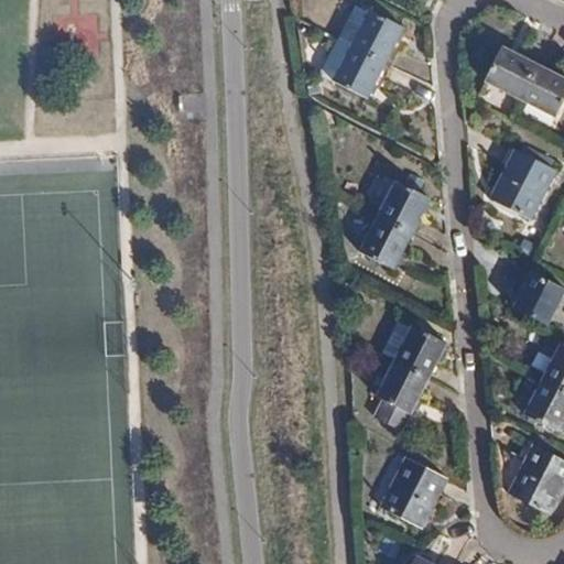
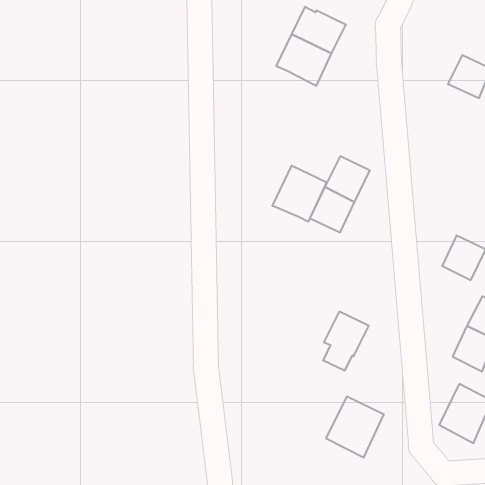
building: [485,46,536,97] -> none
building: [491,143,557,213] -> none
building: none -> [272,166,326,222]
building: [381,321,445,377] -> none

